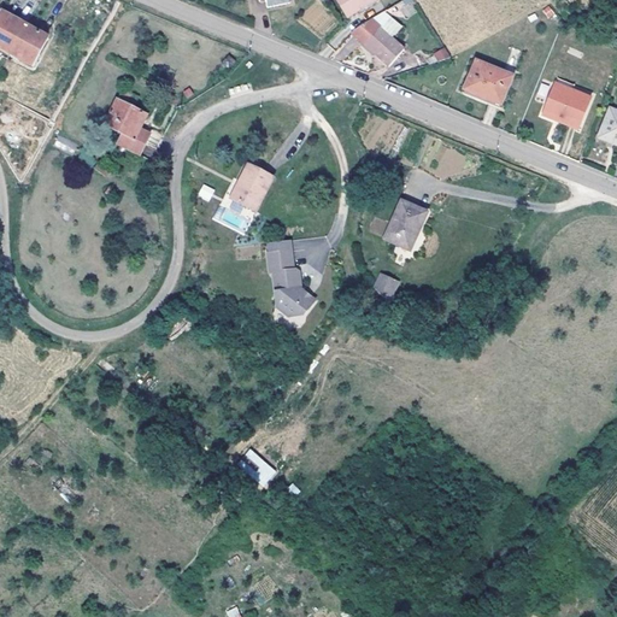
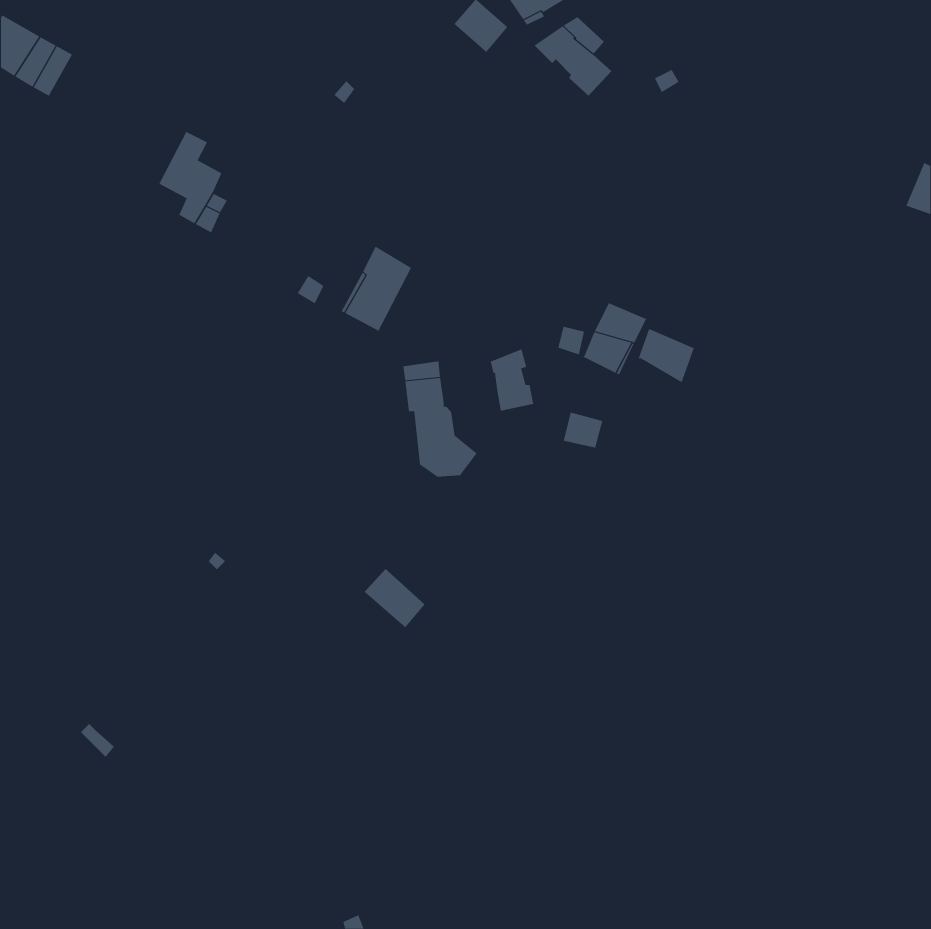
building: [465,60,512,102] -> none
building: [542,76,590,128] -> none
building: none -> [638,328,695,383]
building: none -> [490,349,534,411]
building: [236,447,277,487] -> [364,568,426,628]

